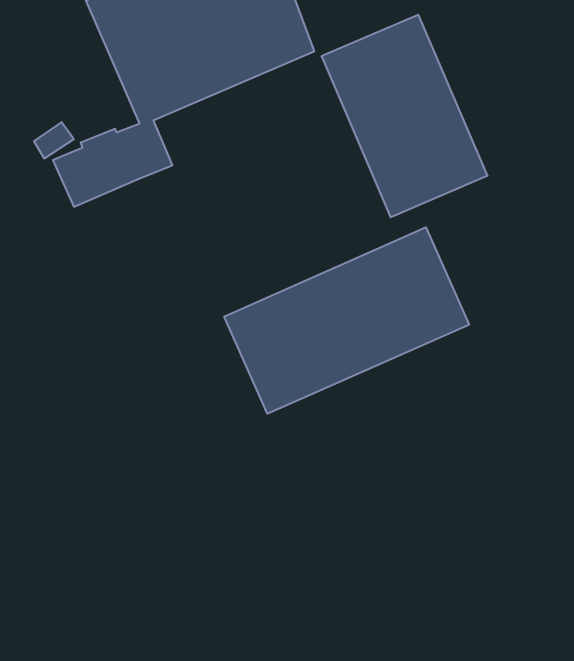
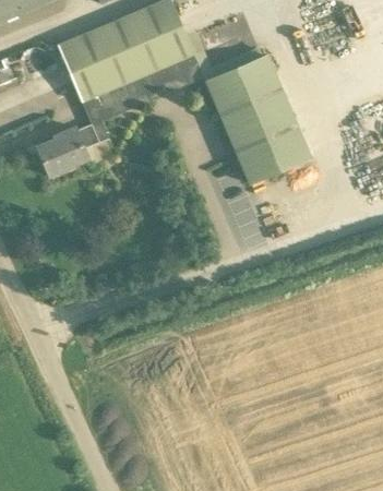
building: [224,227,469,414] -> none

